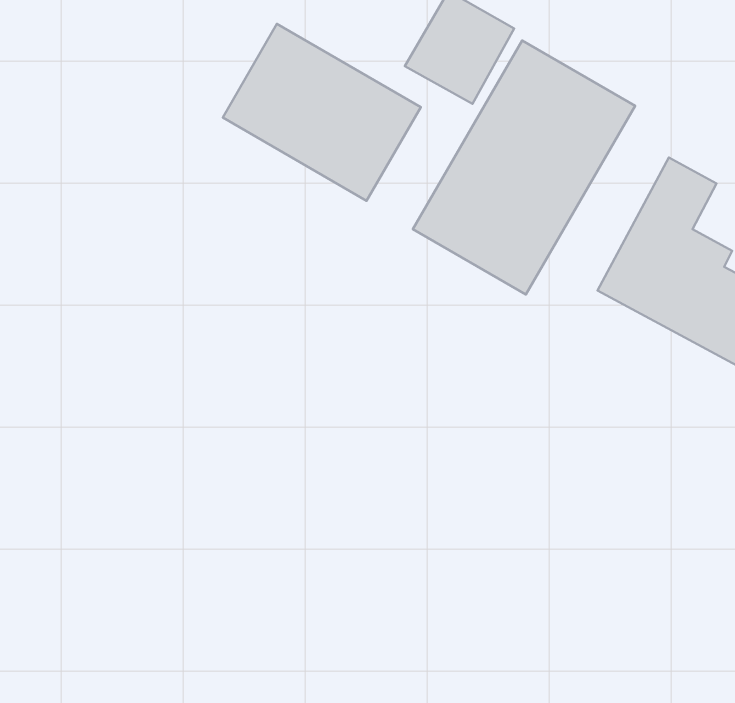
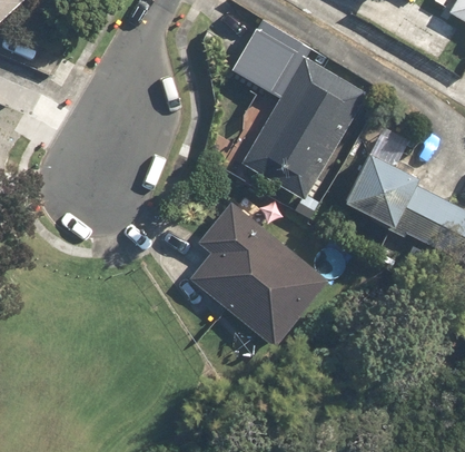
building: [223,24,421,201] -> none
building: none -> [190,194,328,346]

